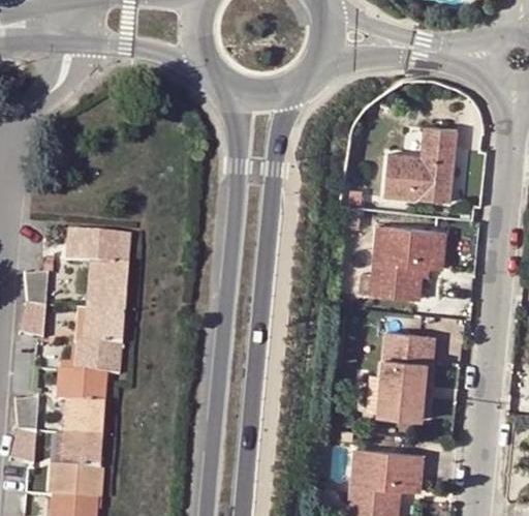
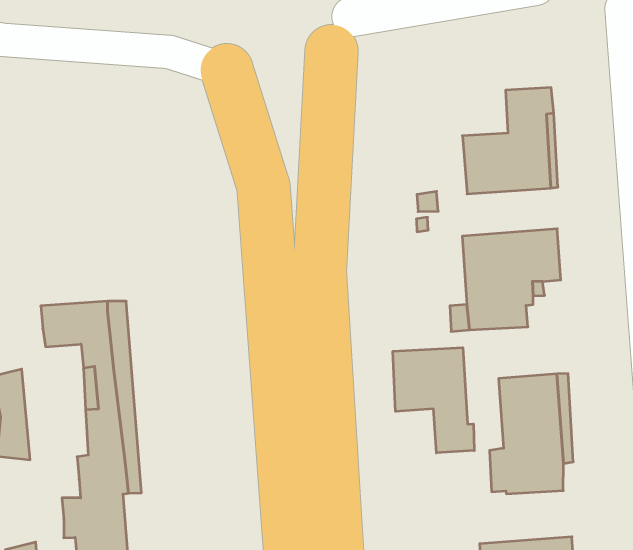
building: none -> [393,348,474,453]

